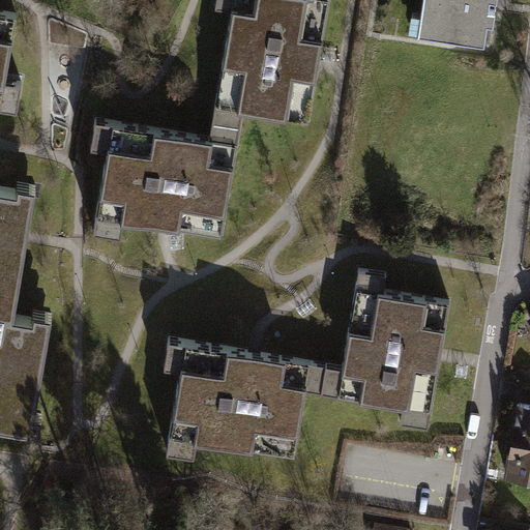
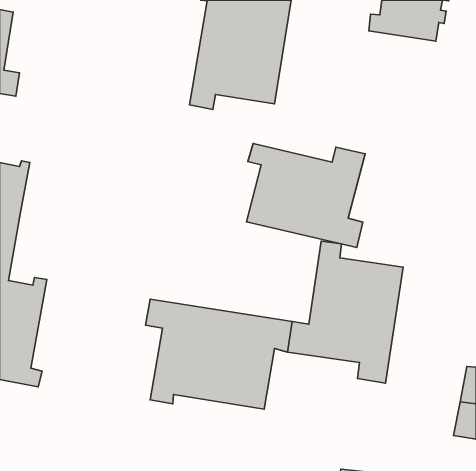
building: [89,118,236,235] -> none
building: none -> [246,143,365,247]

